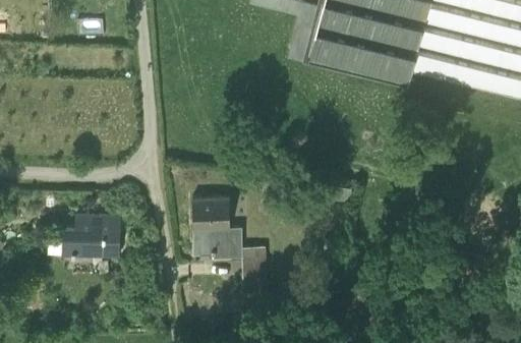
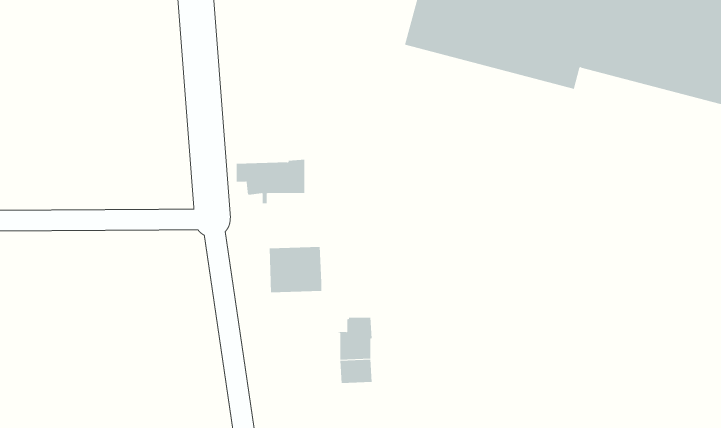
building: [62,218,119,258] -> none
building: [193,227,242,259] -> [236,159,305,204]

